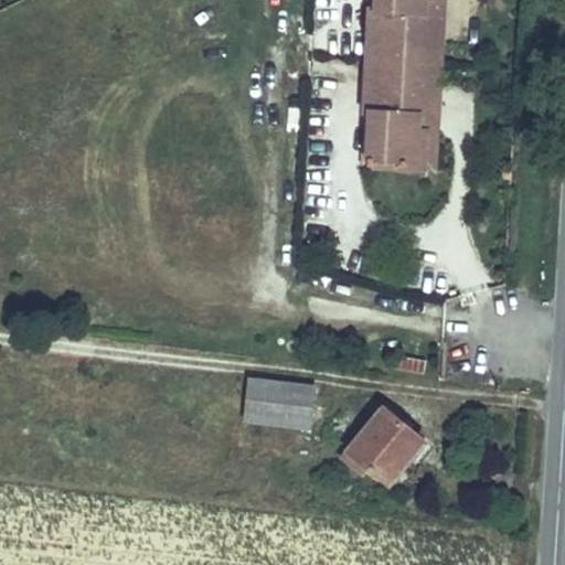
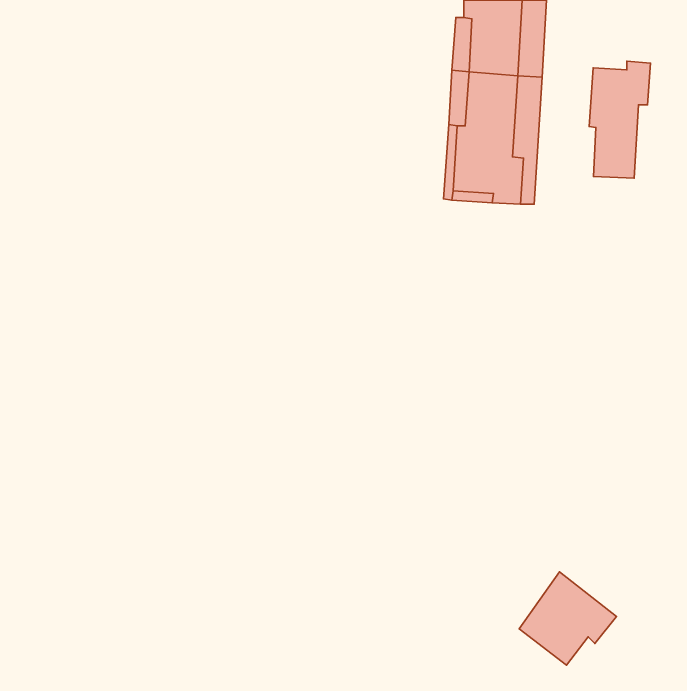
building: none -> [589,61,650,178]
building: [239,377,311,427] -> none
building: [344,406,424,482] -> [519,572,616,665]

